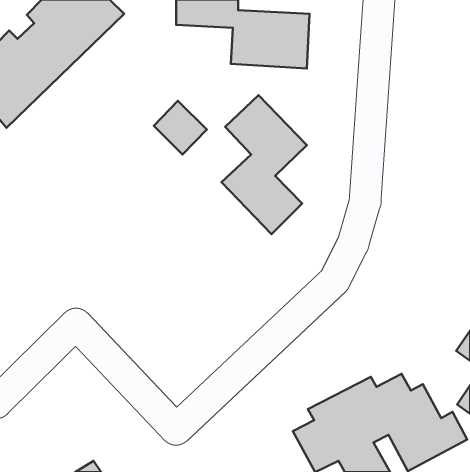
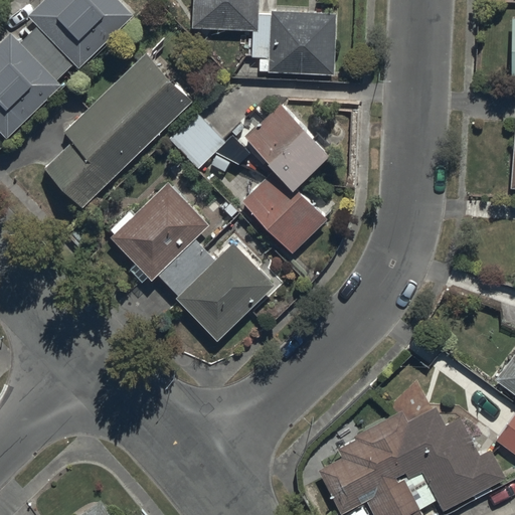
building: none -> [43,51,194,208]
building: none -> [110,181,276,342]

